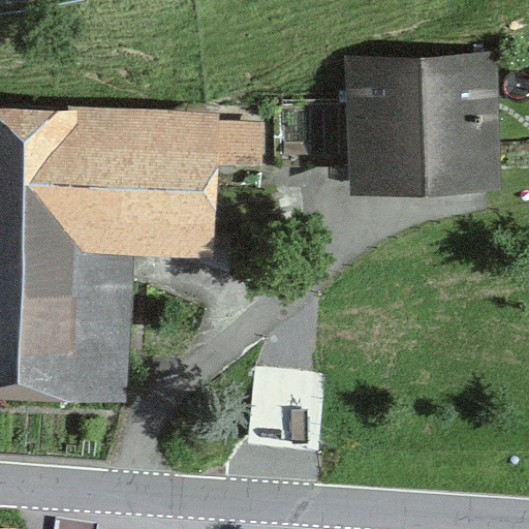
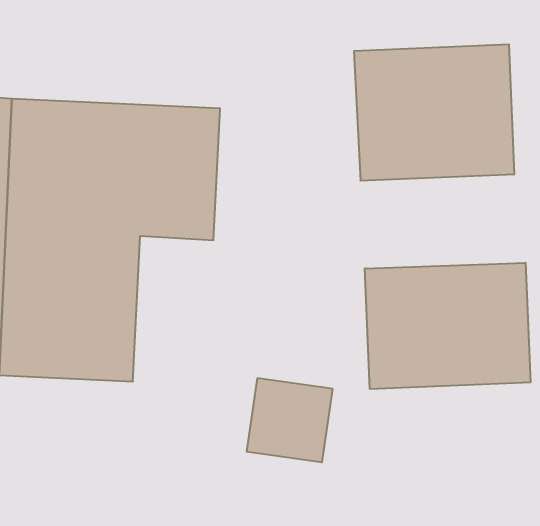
building: none -> [365,263,530,389]

